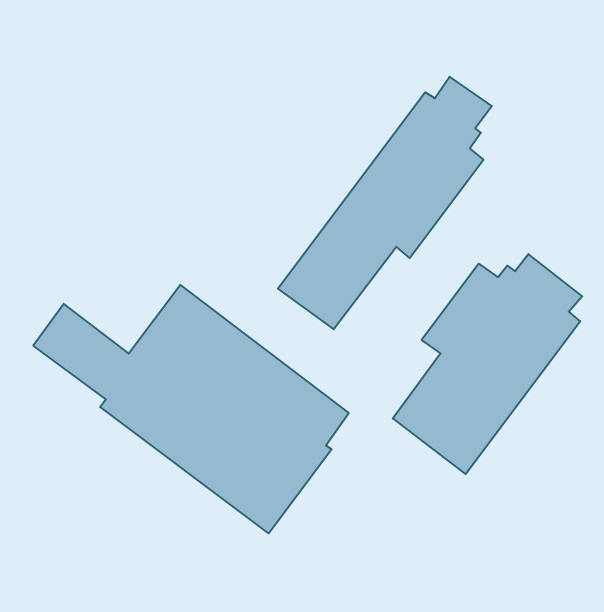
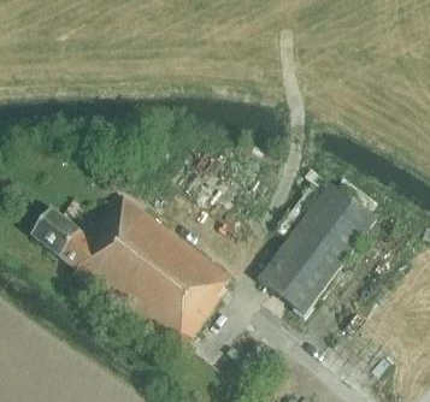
building: [278,77,492,329] -> none

